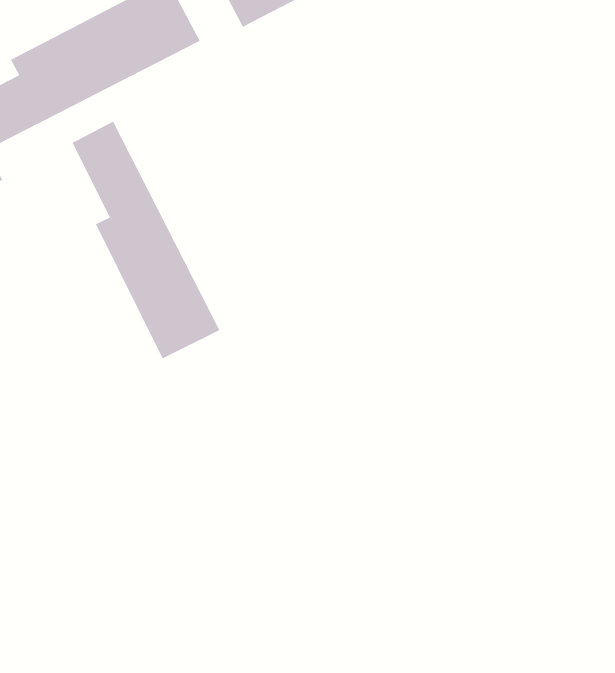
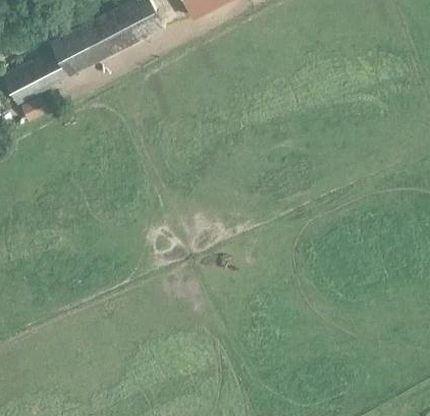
building: [71,120,221,359] -> none

